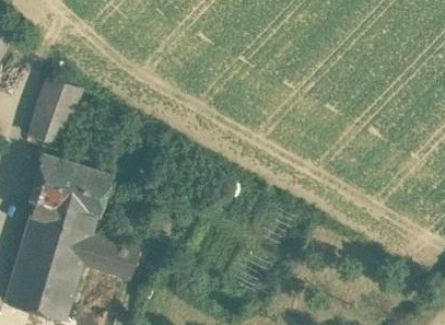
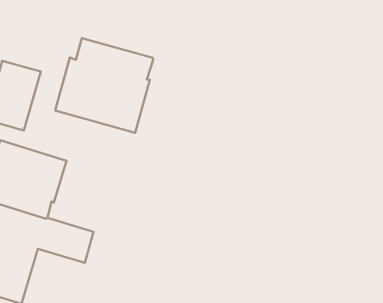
building: none -> [55,38,153,133]

